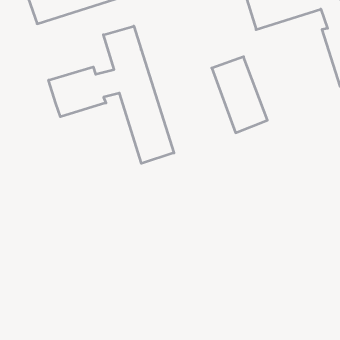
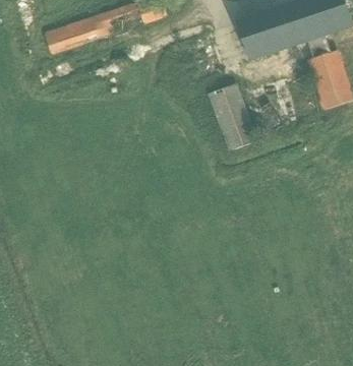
building: [49,26,174,163] -> none

